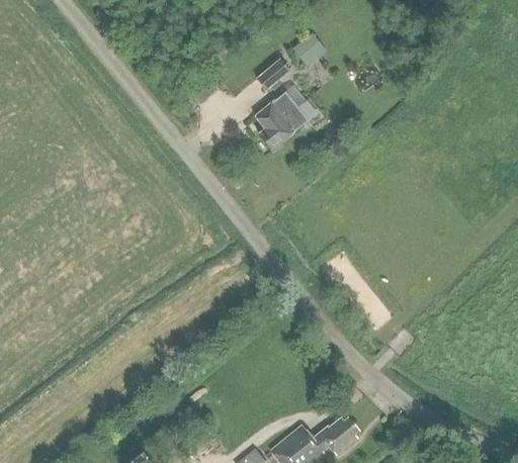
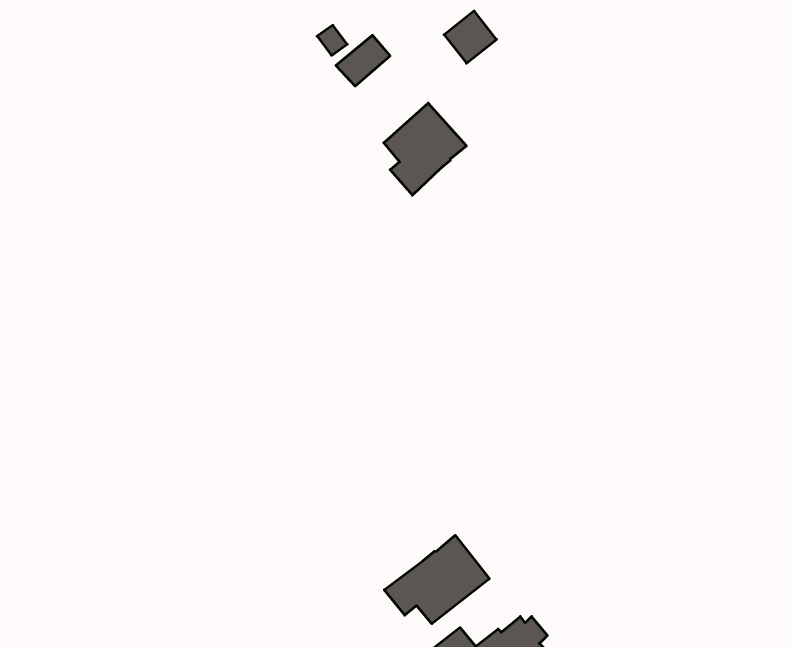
building: [256,59,290,91] -> [336,35,390,86]
building: none -> [384,535,489,624]

